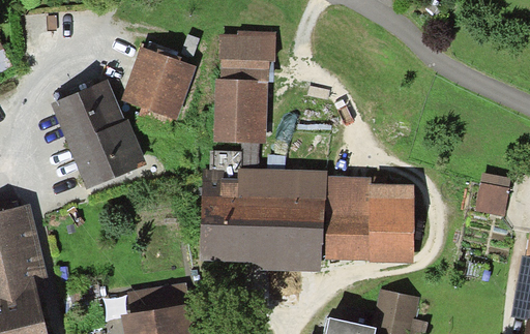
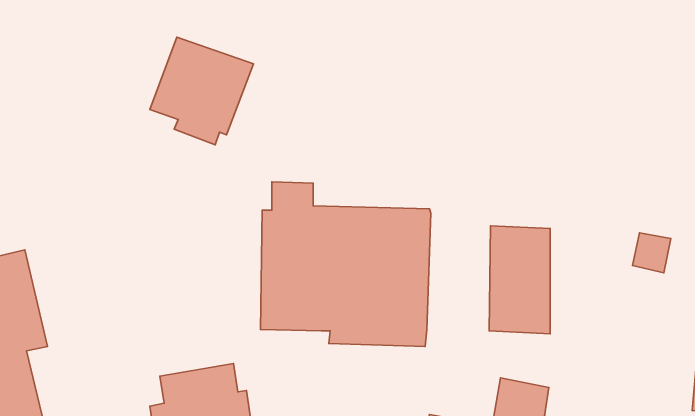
building: [212,43,262,144] -> none
building: [53,80,147,185] -> none
building: [324,174,371,260] -> none

